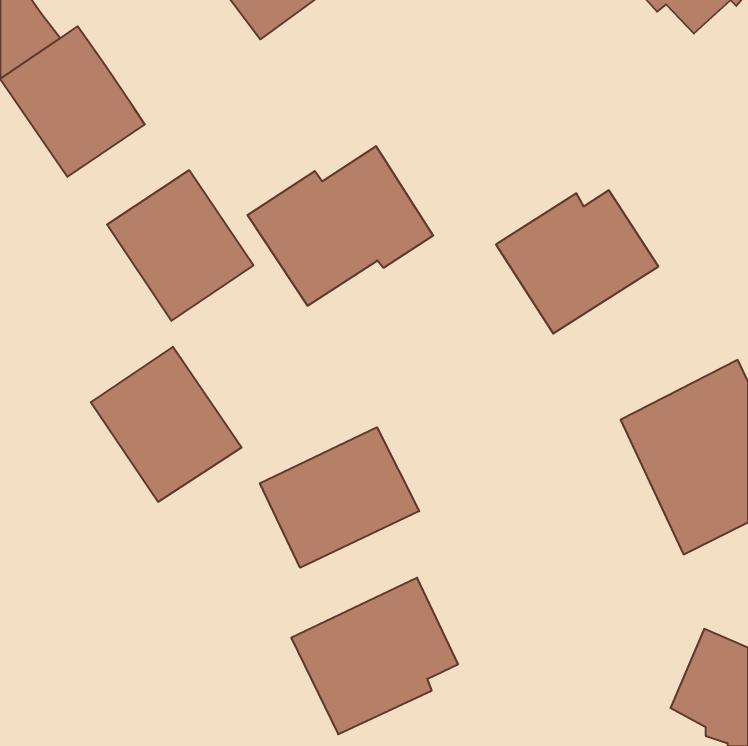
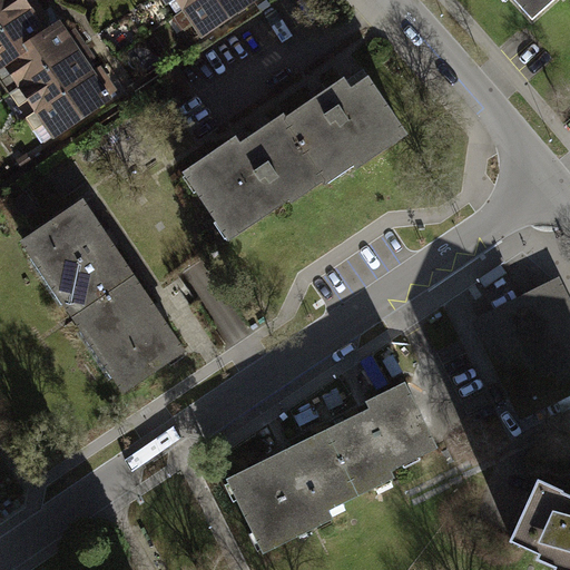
building: [107,170,253,321] -> [20,191,131,306]
building: [496,190,658,334] -> [286,70,410,179]
building: [260,427,419,568] -> none
building: none -> [317,392,429,505]

